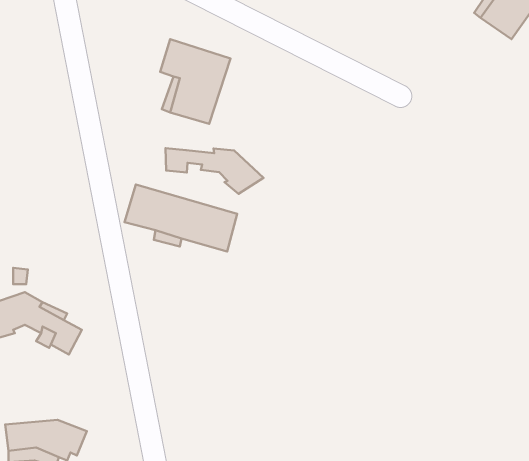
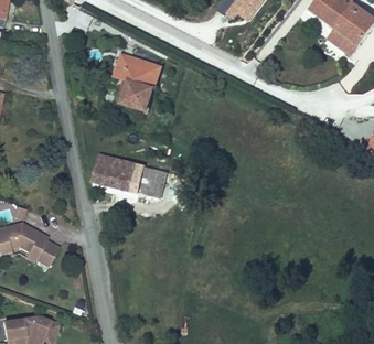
building: [165,148,264,194] -> none

